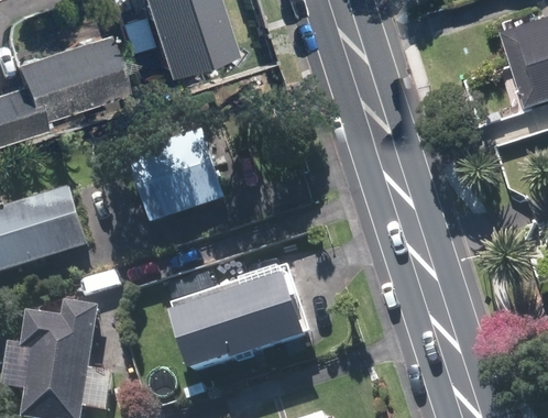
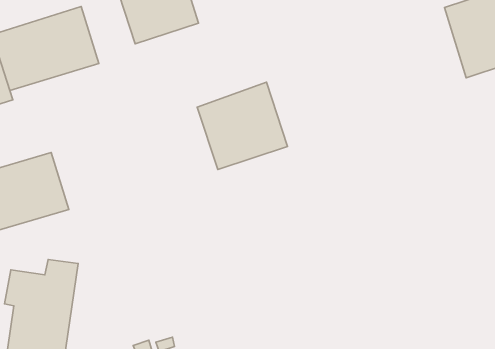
building: [131,130,227,222] -> [197,82,287,169]
building: [180,275,315,372] -> none

